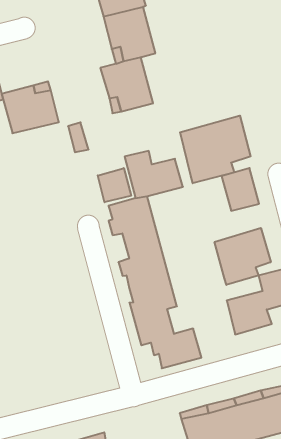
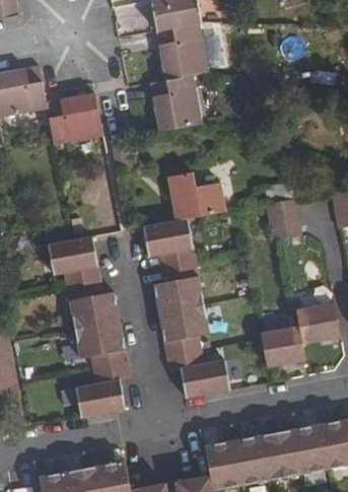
building: [180,116,251,183] -> none
building: [98,168,131,202] -> none
building: none -> [47,237,131,418]
building: [215,228,271,285] -> none

